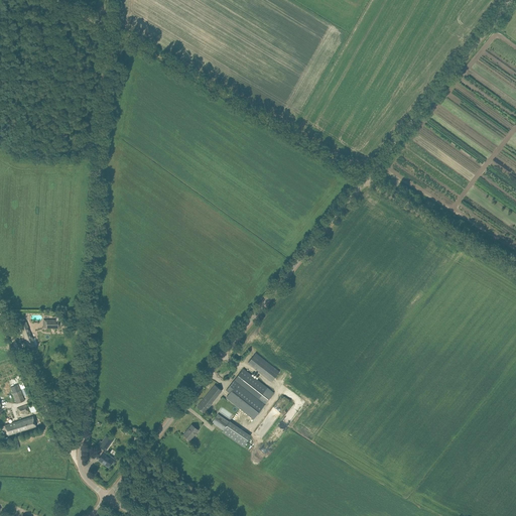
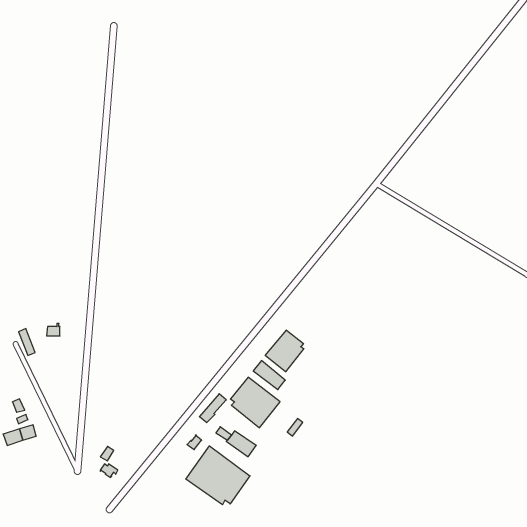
building: none -> [265,330,304,372]
building: none -> [186,446,250,505]

